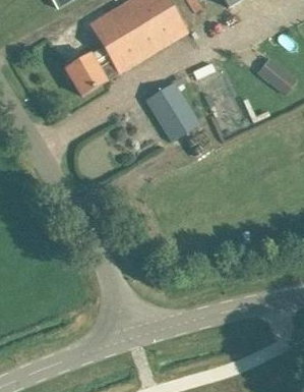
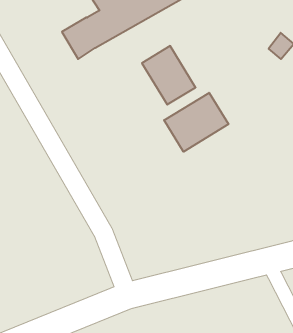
building: none -> [164,93,228,152]

